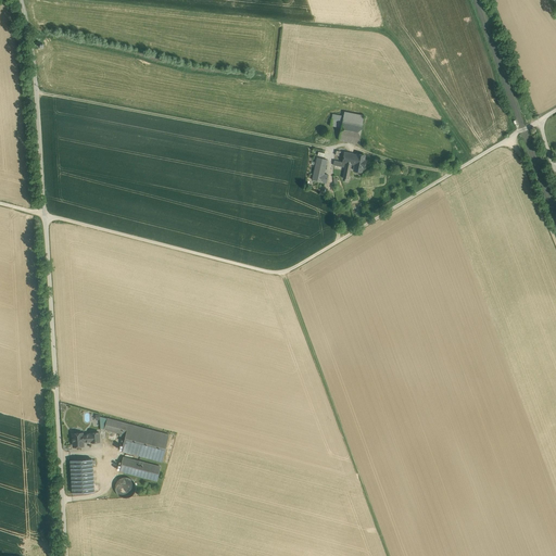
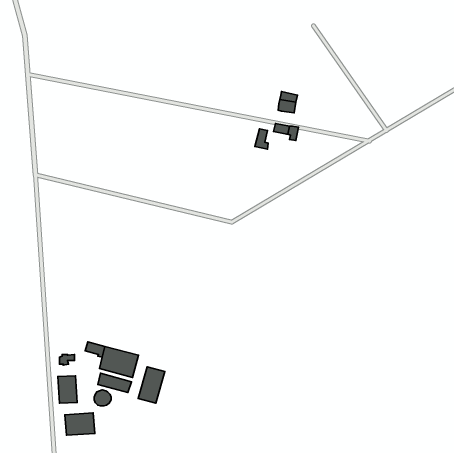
building: none -> [138,367,165,403]
building: none -> [65,413,95,435]

